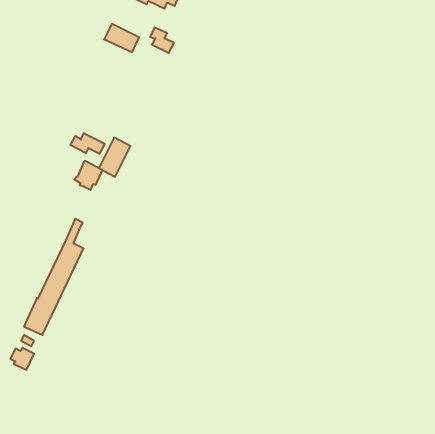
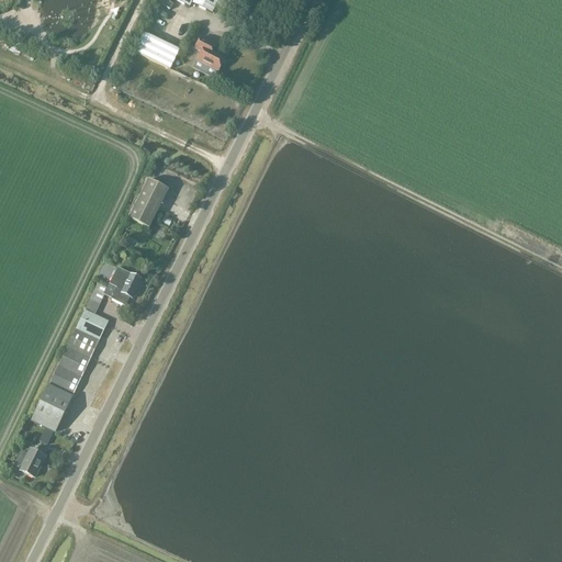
building: [70,133,105,154] -> none
building: [74,161,103,190] -> [105,266,142,303]

